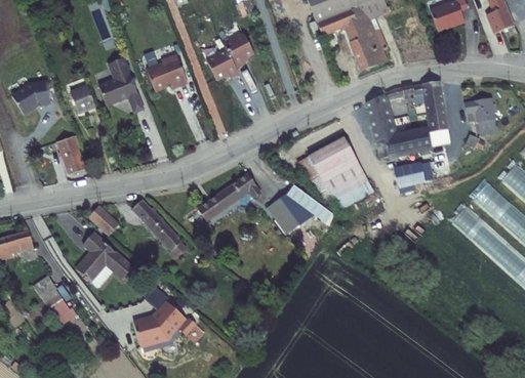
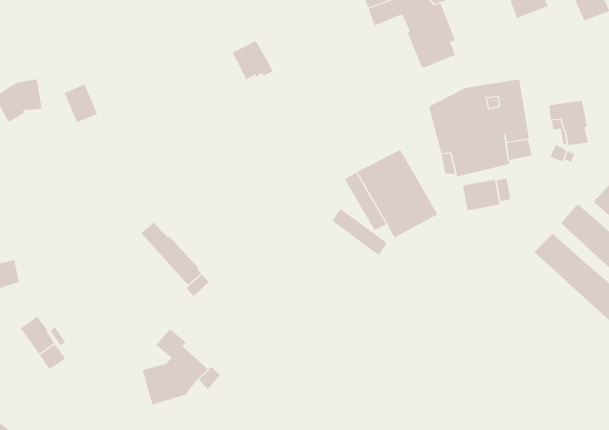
building: [223,32,254,68] -> none
building: [147,53,188,92] -> none
building: [98,57,145,114] -> none
building: [56,135,86,174] -> none
building: [197,172,262,222] -> none
building: [267,195,315,236] -> none
building: [88,202,120,234] -> none
building: [75,229,134,281] -> none

